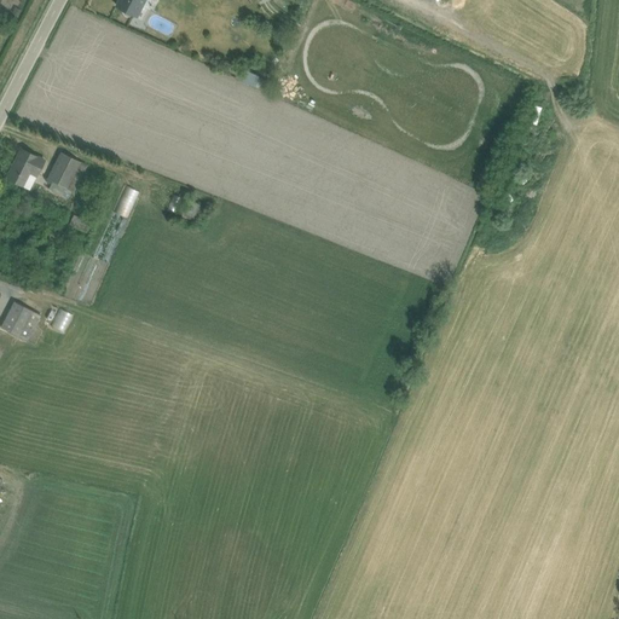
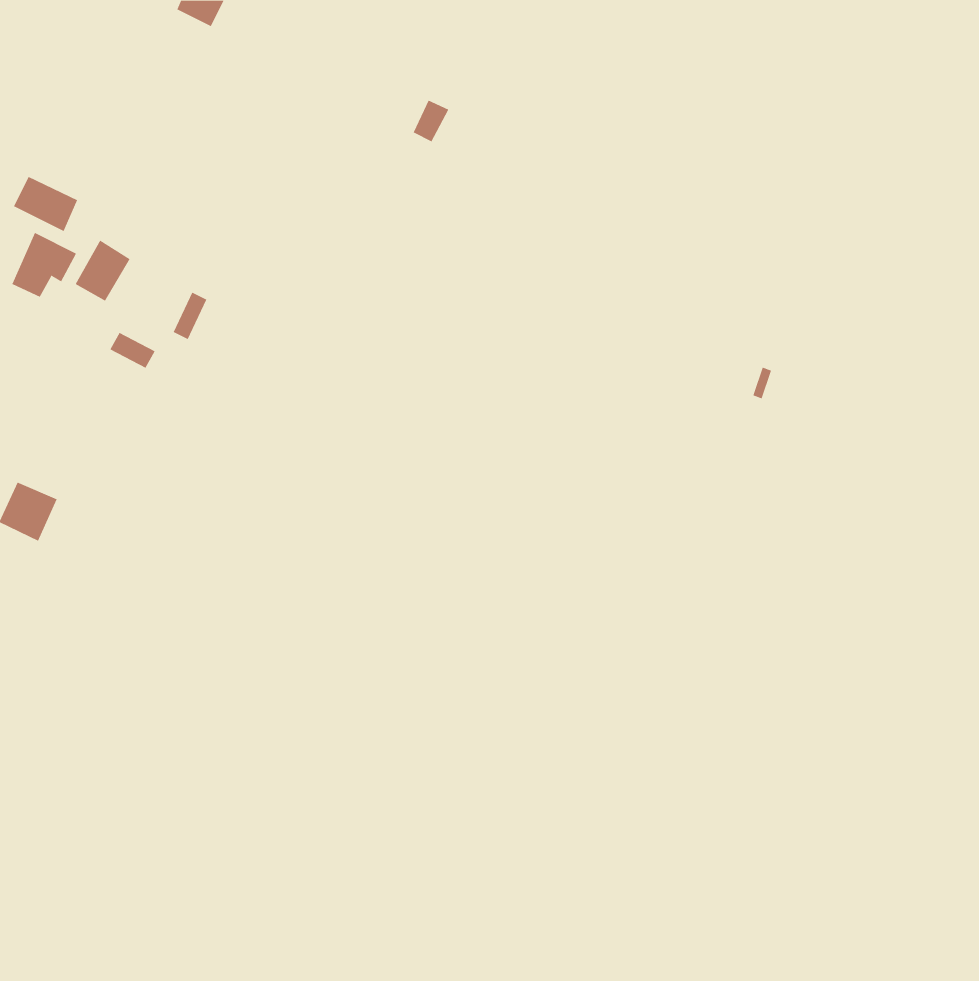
building: none -> [13,176,78,232]

